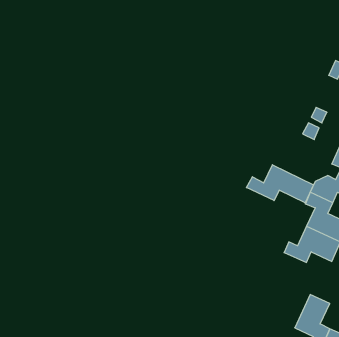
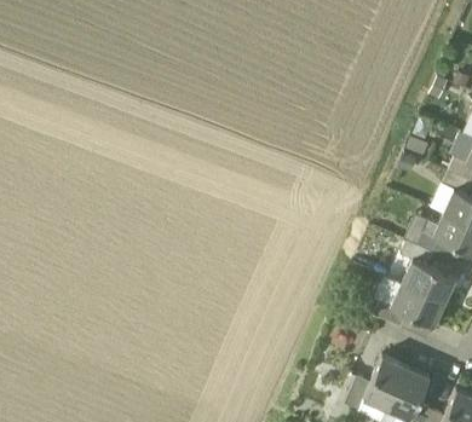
building: [246,165,314,203] -> none
building: none -> [344,357,407,410]

